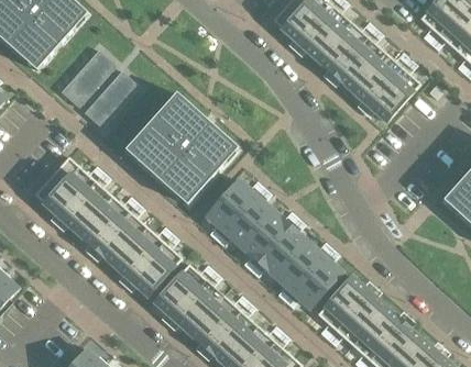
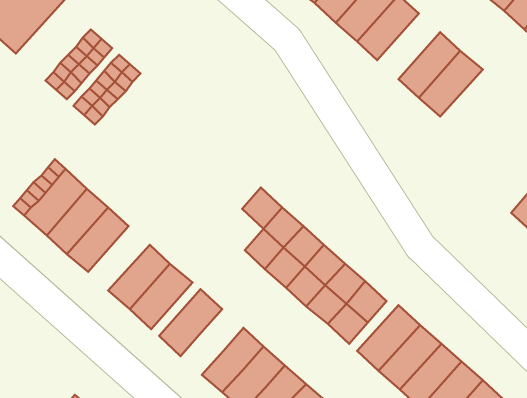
building: [333,36,385,90] -> none
building: [127,93,238,203] -> none
building: [206,197,240,231] -> none
building: [96,211,146,264] -> none
building: [172,279,223,333] -> none

